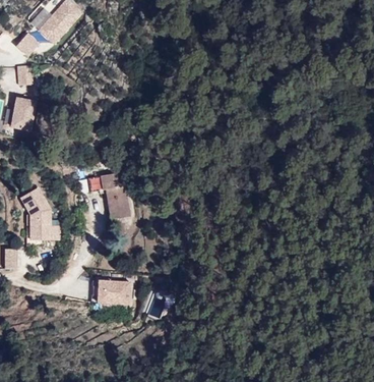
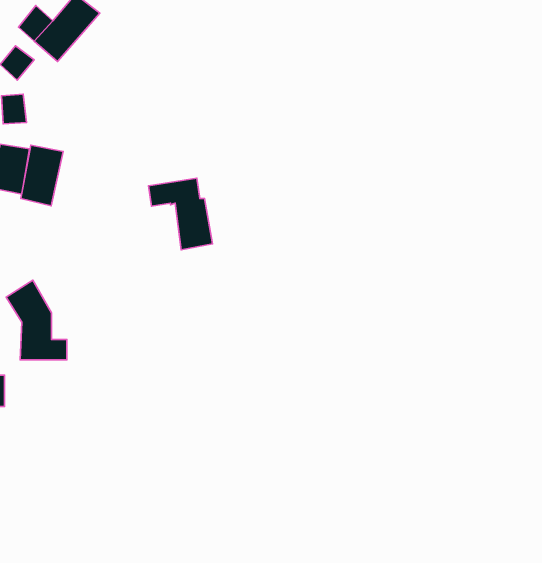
building: none -> [21,145,63,206]
building: [88,173,130,220] -> [149,178,212,250]
building: [93,282,131,303] -> none

